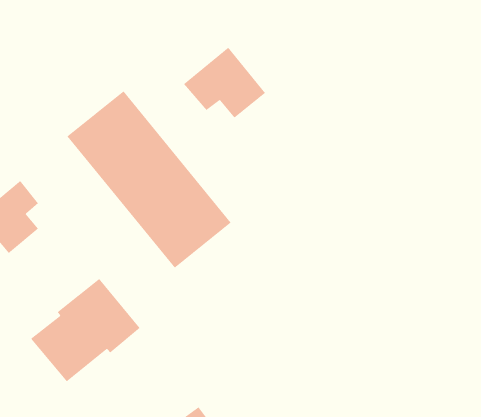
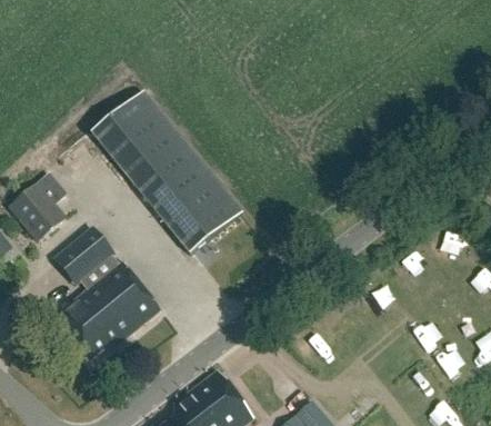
building: [183,47,266,119] -> none
building: none -> [60,226,114,278]

